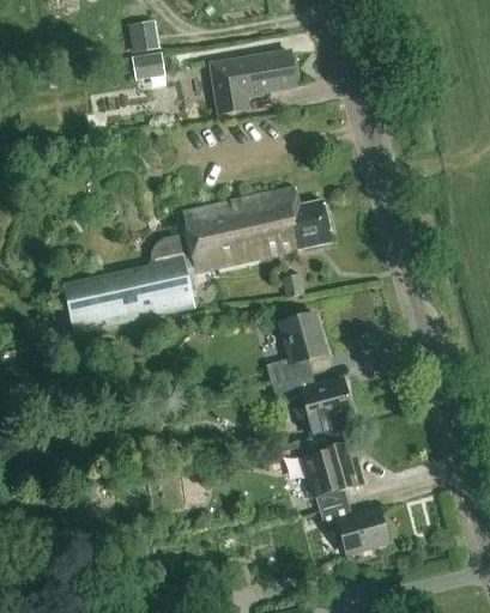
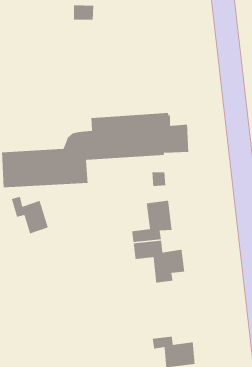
building: [210,50,295,113] -> none
building: none -> [11,196,49,234]
building: [296,442,362,516] -> none

